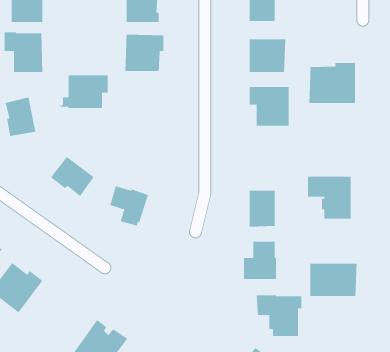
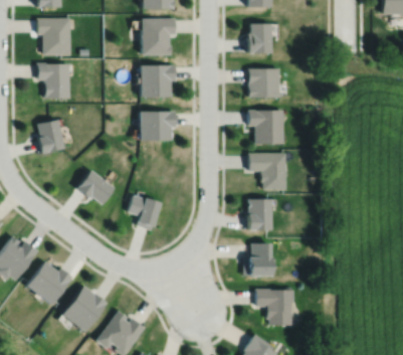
building: [309,62,355,104] -> none
building: [60,75,109,108] -> [135,111,177,140]
building: [307,176,351,219] -> [249,153,287,190]
building: [310,263,357,297] -> none
building: none -> [61,287,107,333]

